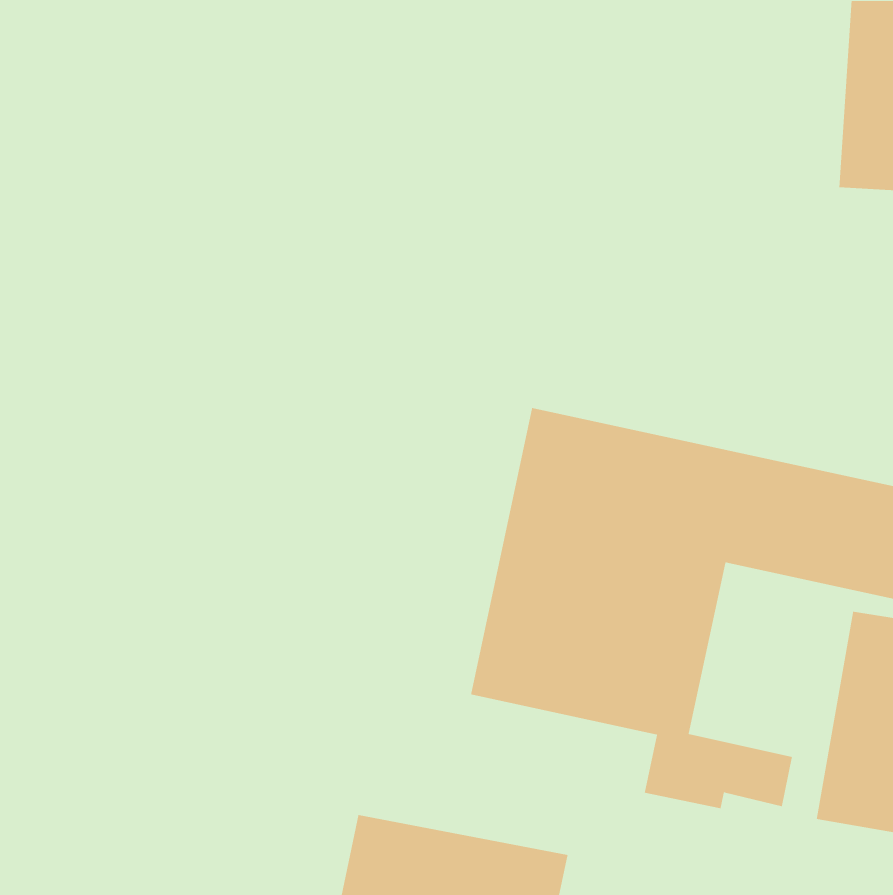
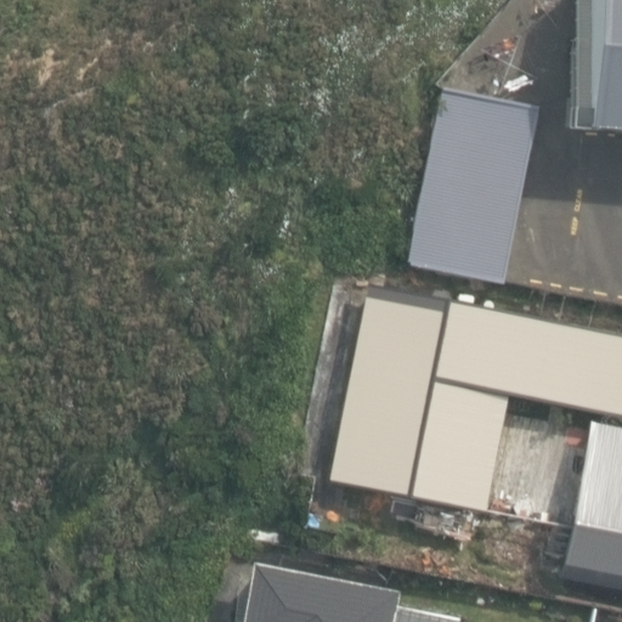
building: none -> [407,89,537,283]

